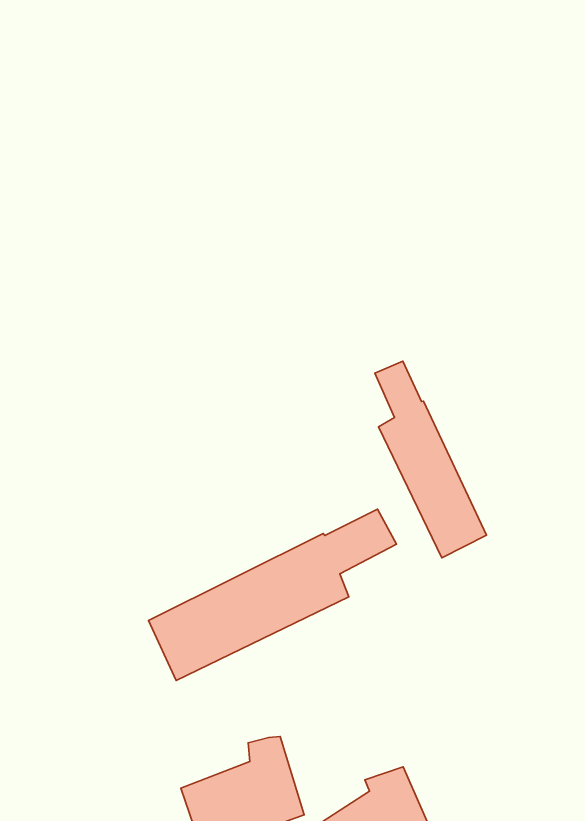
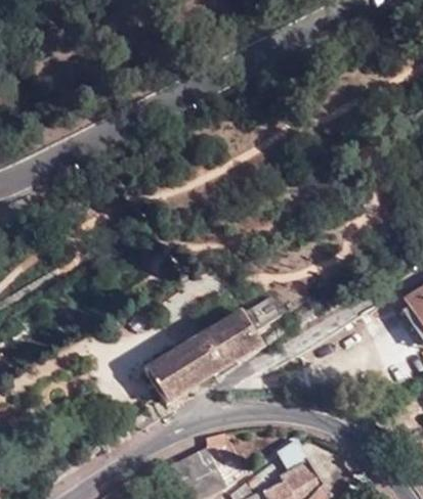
building: [375,361,487,558] -> none

